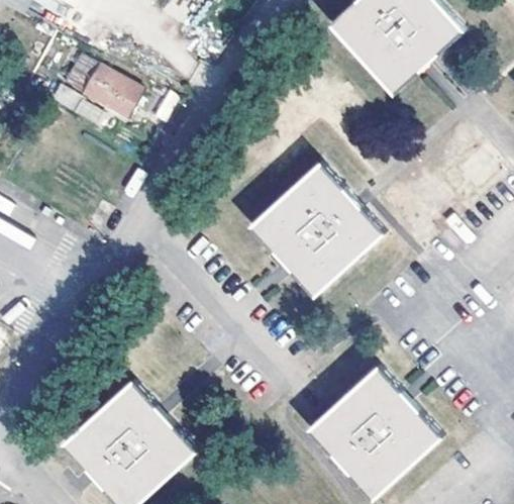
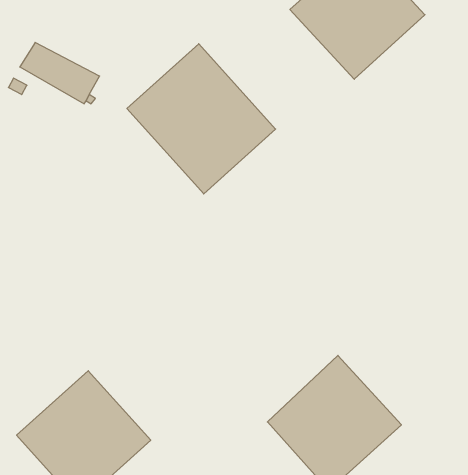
building: none -> [127,44,276,194]
building: [250,162,384,296] -> none

